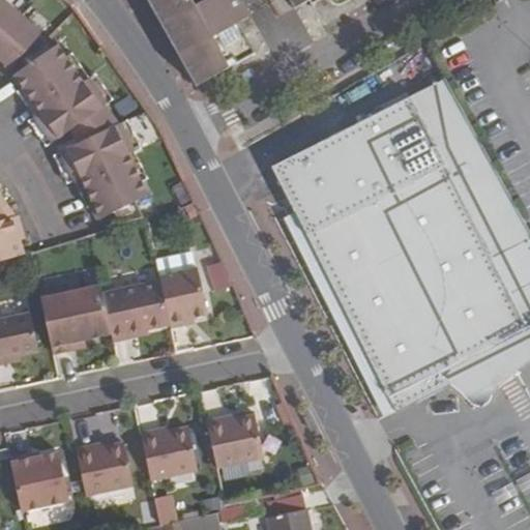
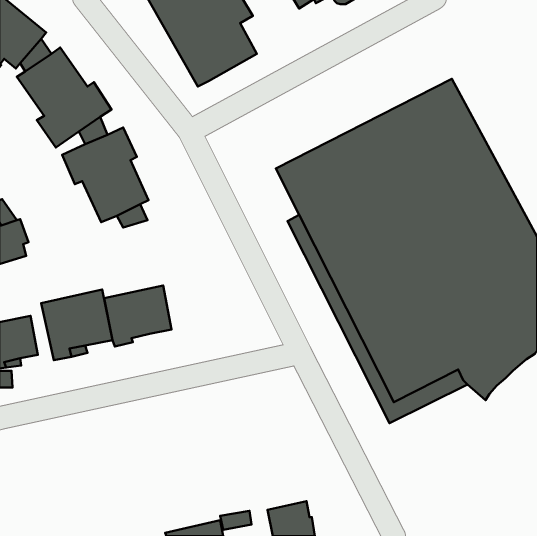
building: [158,267,207,328] -> none
building: [207,414,264,466] -> none
building: [140,426,197,478] -> none
building: [76,443,132,494] -> none
building: [9,451,69,510] -> none

